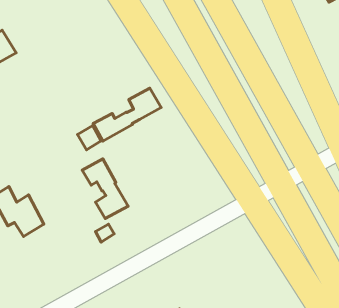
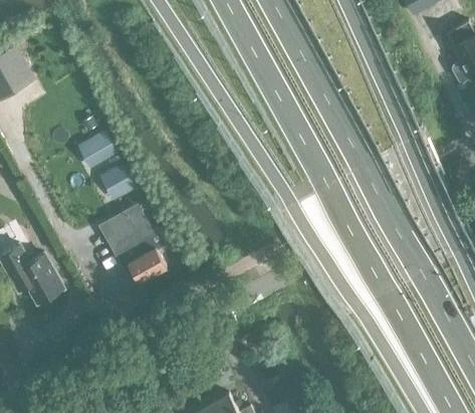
building: [93,88,161,141] -> none
building: none -> [83,132,117,167]

